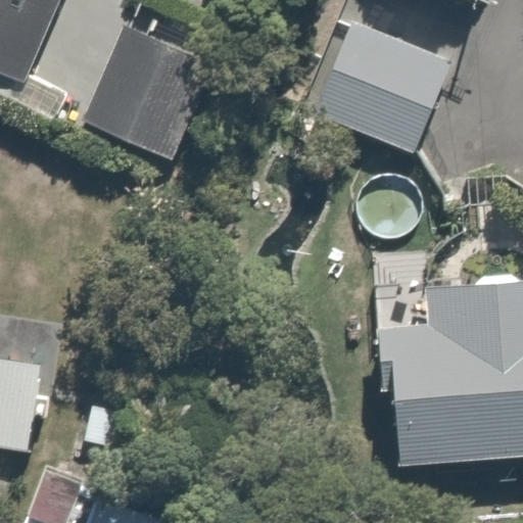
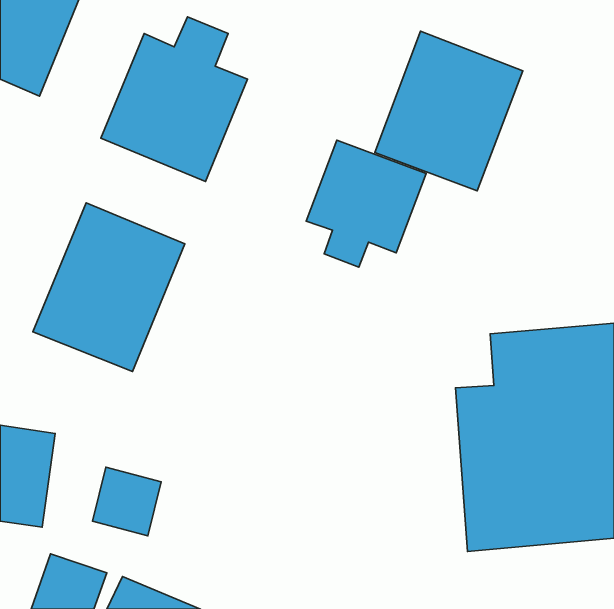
building: none -> [306,140,426,267]
building: none -> [33,203,185,372]

